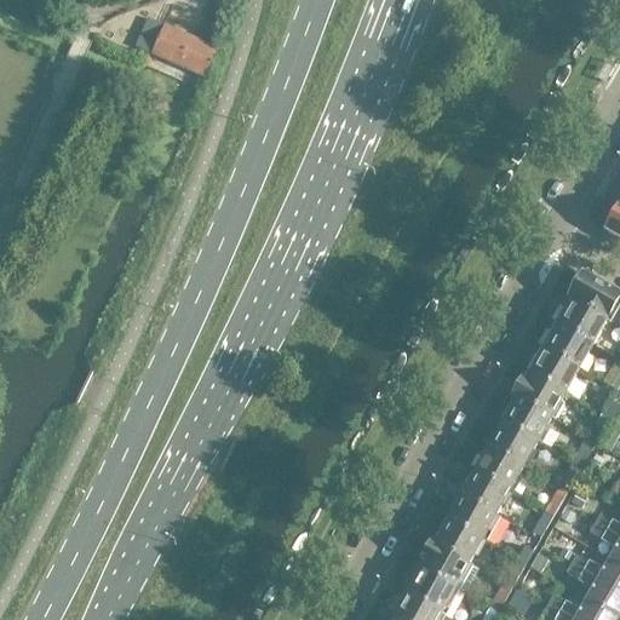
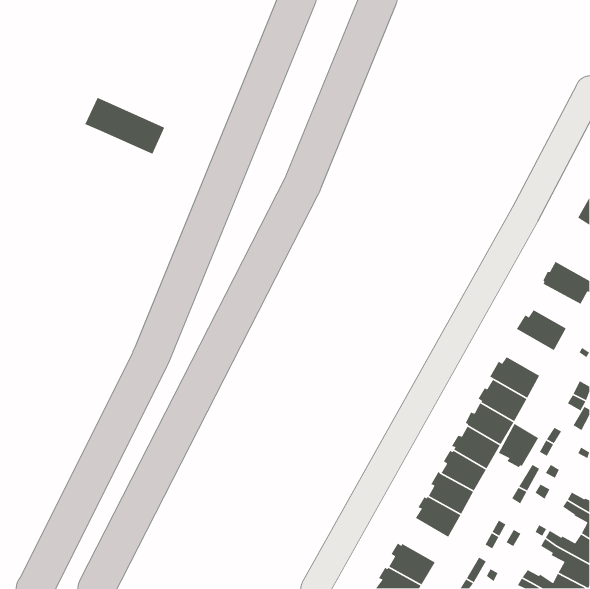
building: [133,16,218,76] -> [84,97,165,155]
building: [553,297,607,343] -> none
building: [524,344,579,392] -> none
building: none -> [498,423,539,468]
building: [419,540,480,593] -> none

